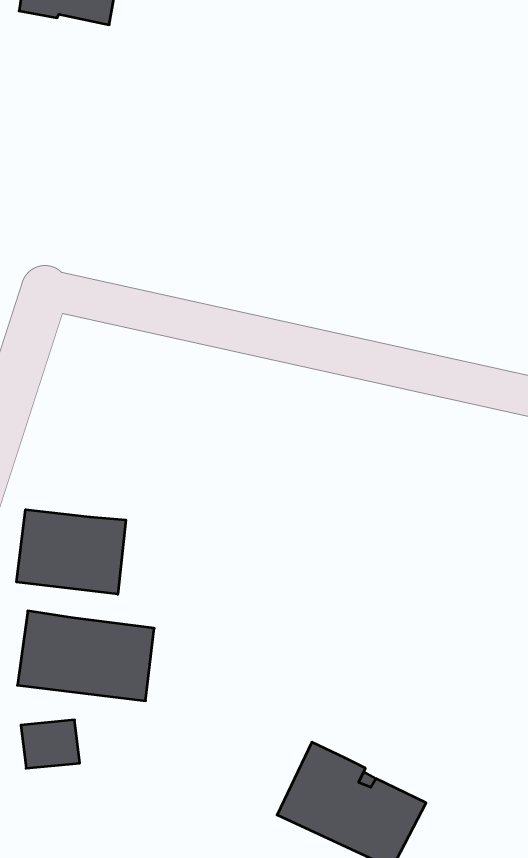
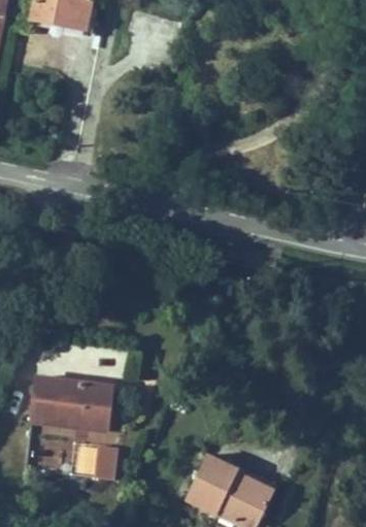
building: [17,510,126,594] -> none
building: none -> [73,447,121,482]

